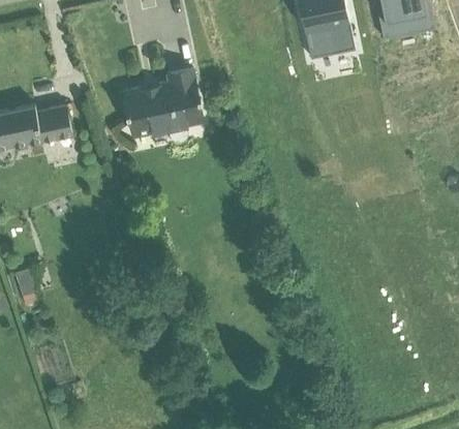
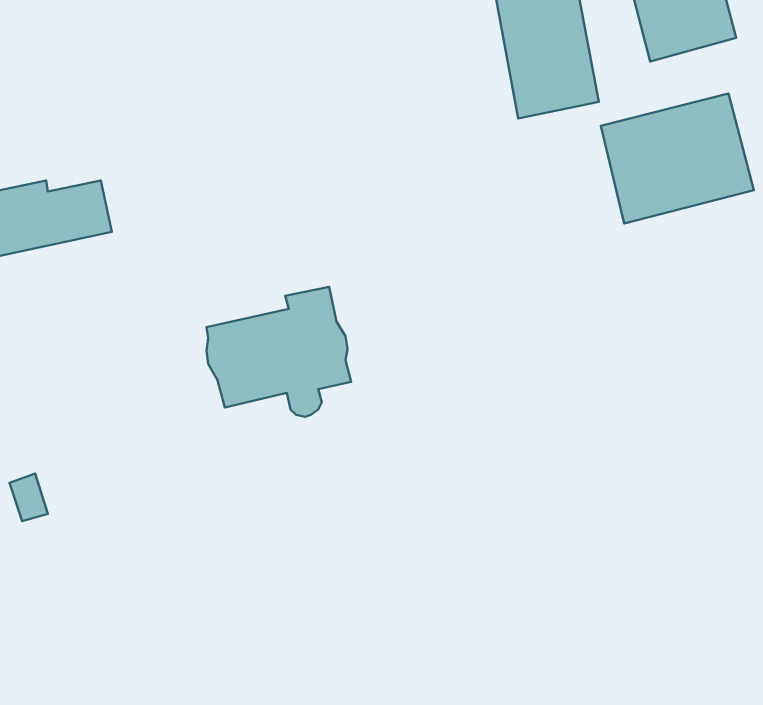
building: none -> [601,94,754,224]
building: [128,68,210,142] -> [206,287,351,417]

